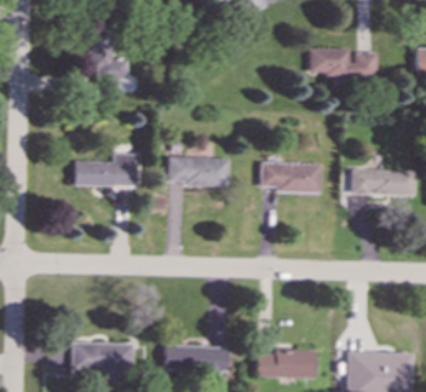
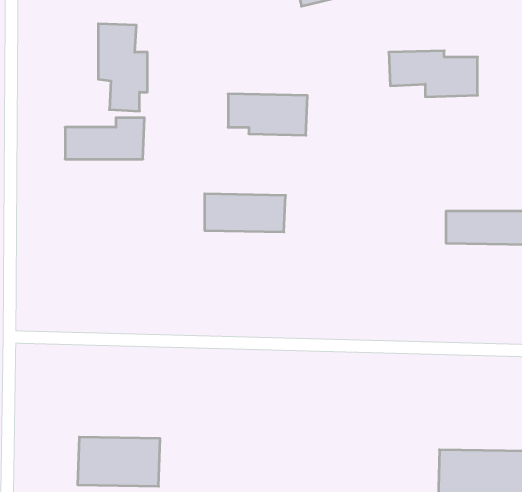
building: [75,154,136,185] -> [65,118,144,159]
building: [261,161,322,192] -> [228,94,307,135]
building: [165,345,228,373] -> none
building: [257,347,317,377] -> none

